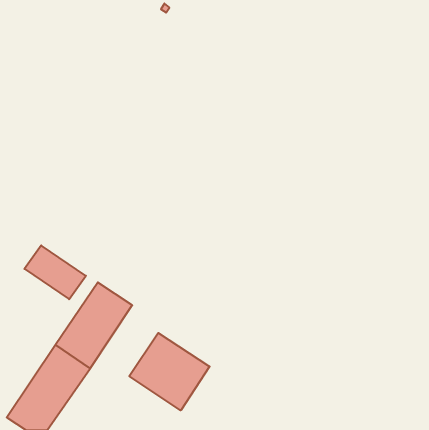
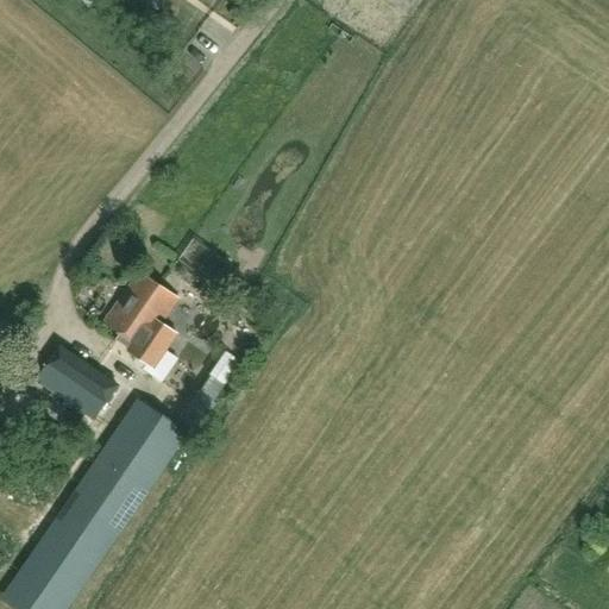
building: none -> [101,270,176,366]
building: [129,333,210,410] -> none

